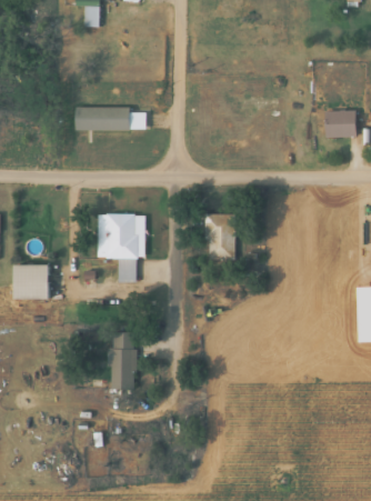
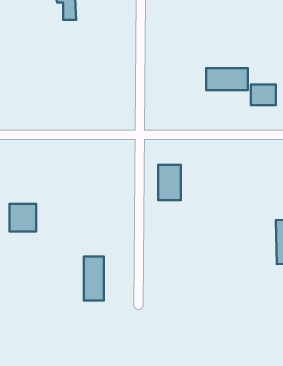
building: none -> [206,68,248,90]
building: [76,108,129,131] -> none
building: [106,214,137,282] -> none

